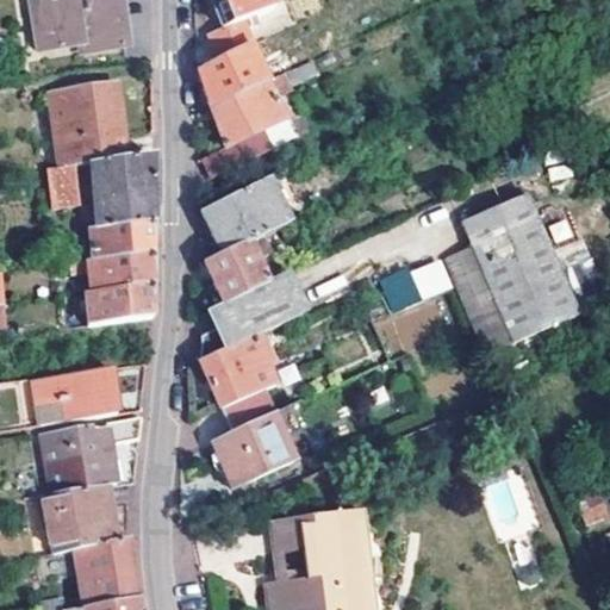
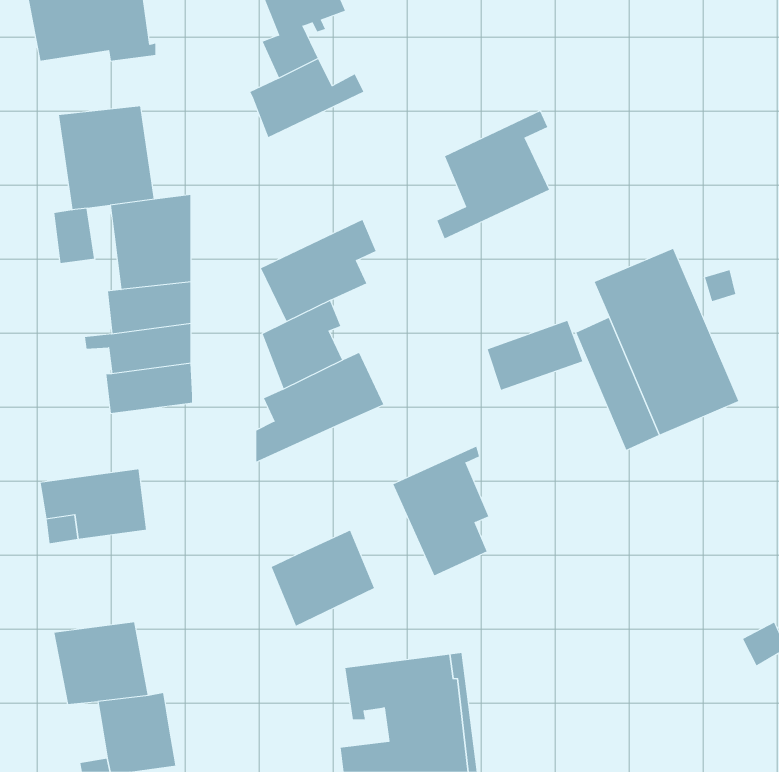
building: [205,71,293,172] -> [436,110,550,239]
building: [201,330,276,431] -> [393,446,489,576]
building: [43,416,142,487] -> none

